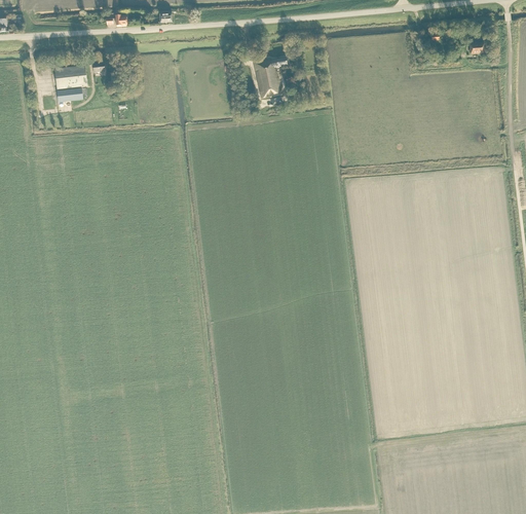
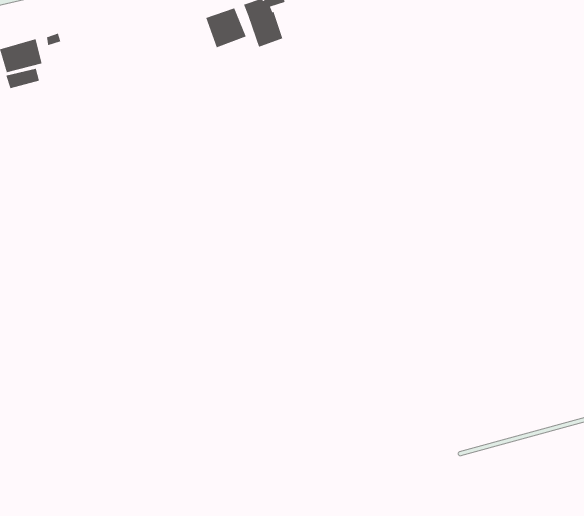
building: none -> [205,8,247,48]

